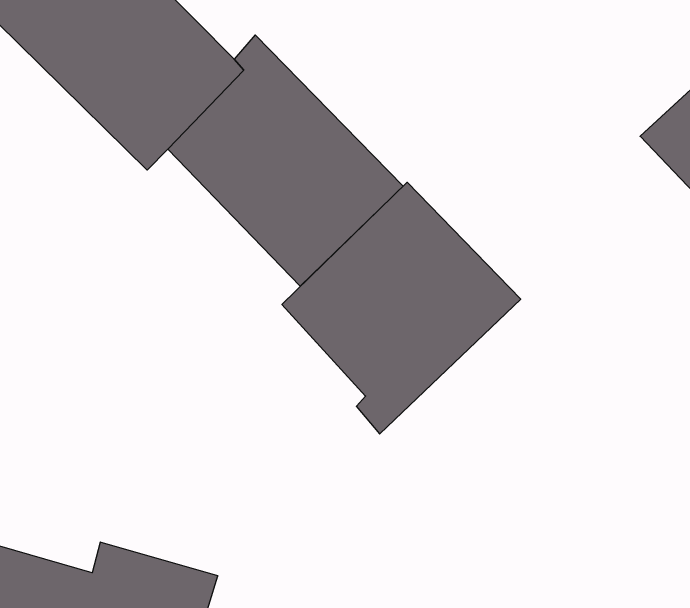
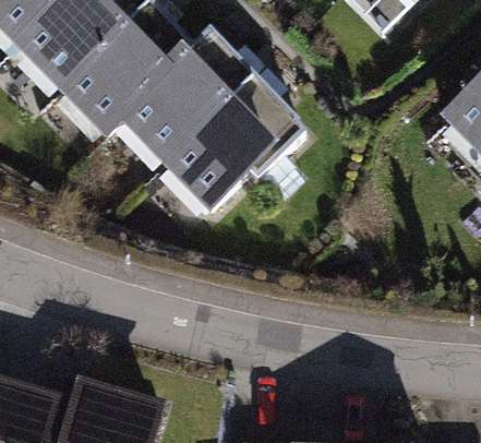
building: [282,182,521,434] -> none

